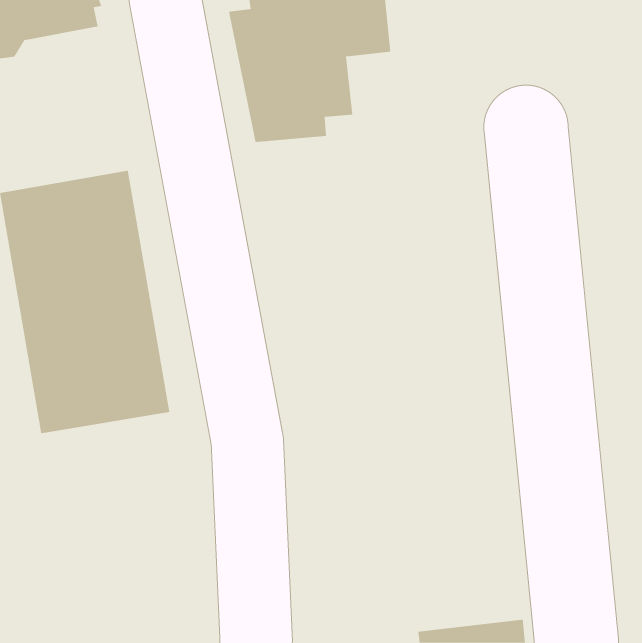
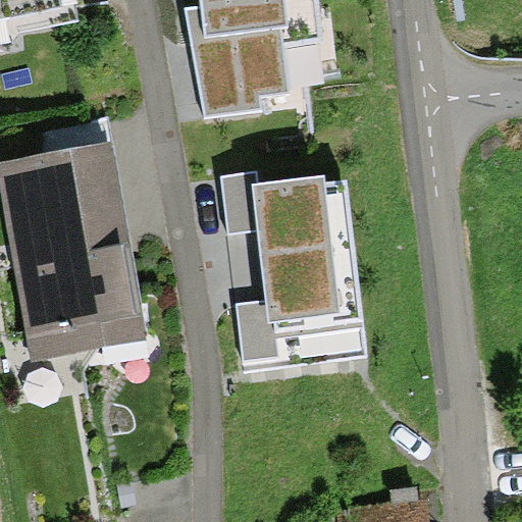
building: none -> [220,172,363,372]

